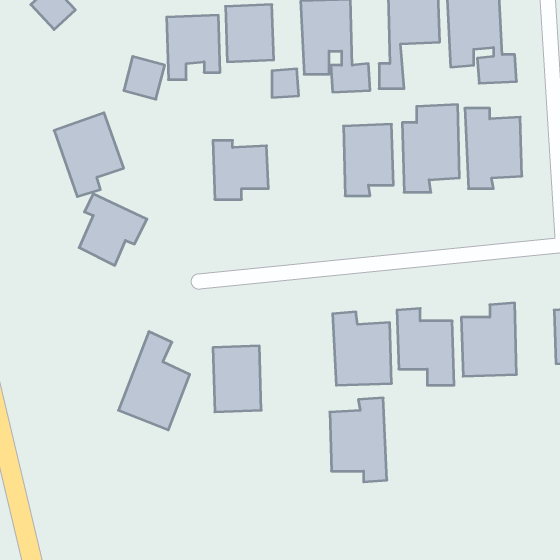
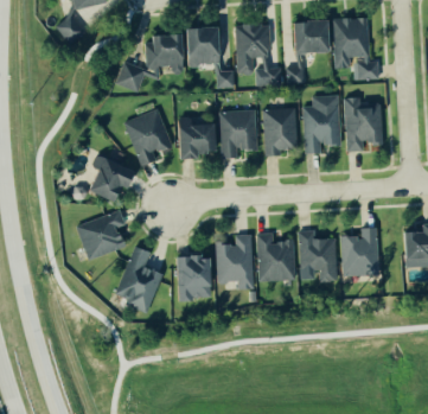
building: [54,113,124,197] -> [126,109,172,165]
building: none -> [221,110,257,158]
building: none -> [77,211,126,260]
building: [330,398,387,482] -> [216,234,254,289]

